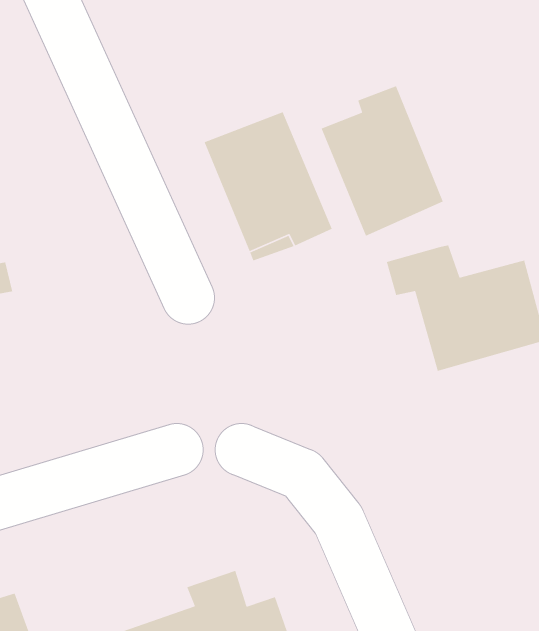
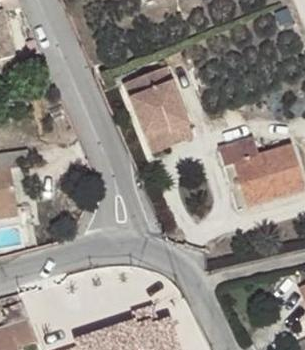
building: [321,85,444,237] -> none

